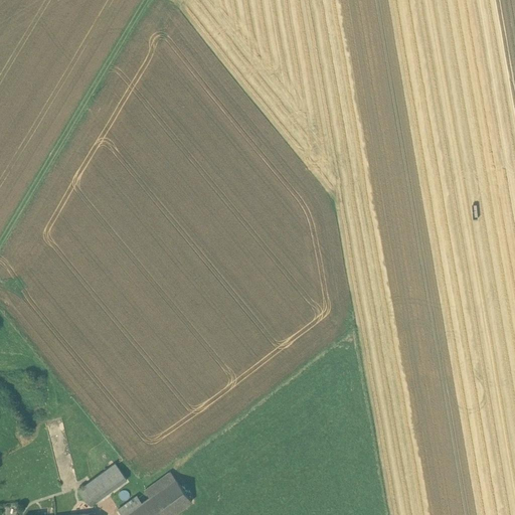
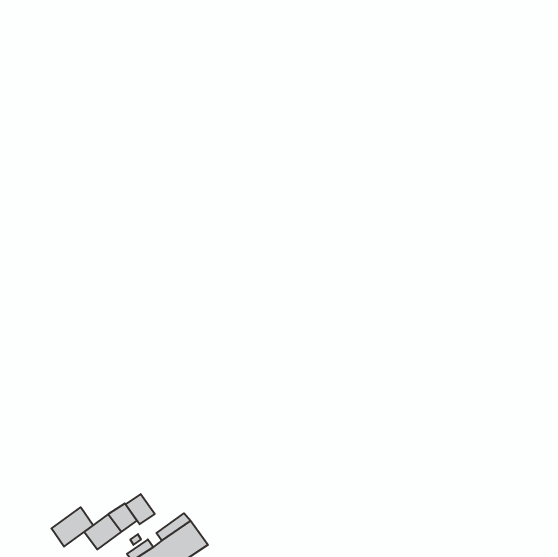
building: none -> [126,494,155,524]
building: none -> [51,507,93,547]

